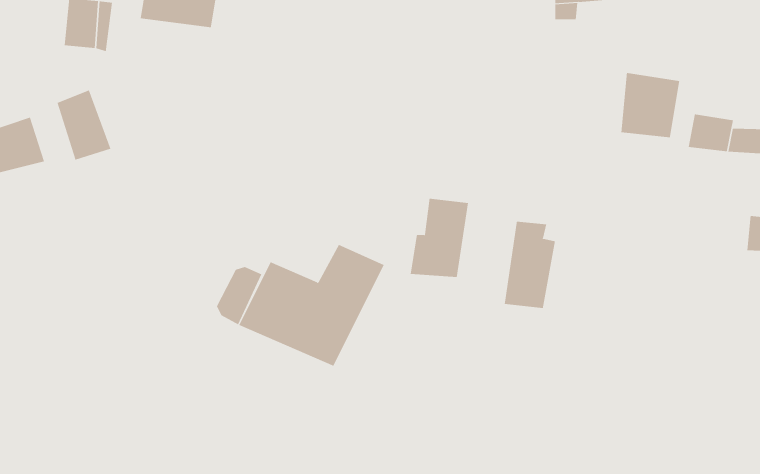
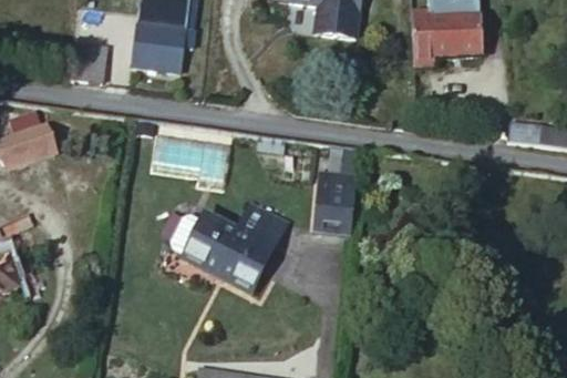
building: [621,72,680,138] -> none
building: [57,90,111,161] -> none
building: [504,221,556,309] -> none

